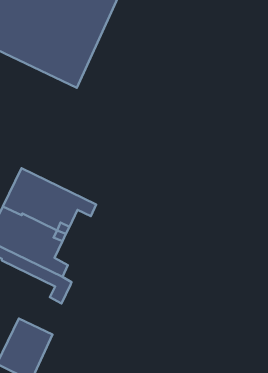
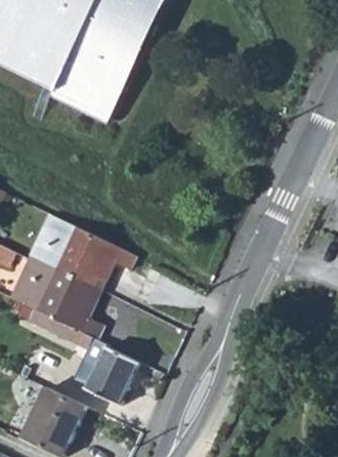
building: none -> [86,347,138,403]

